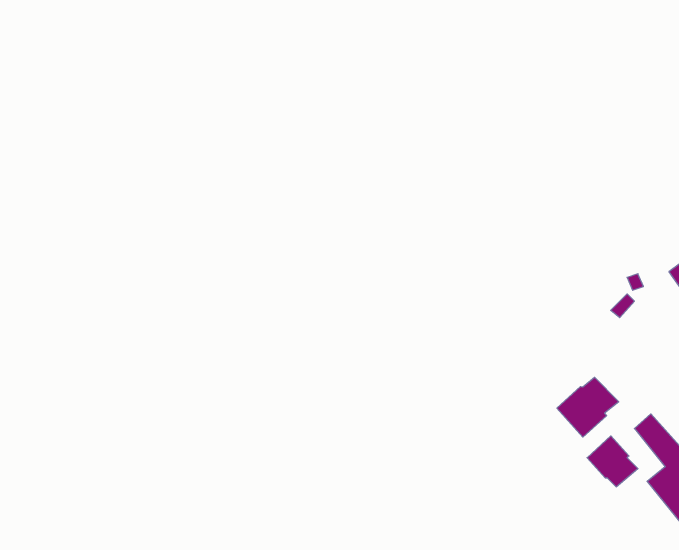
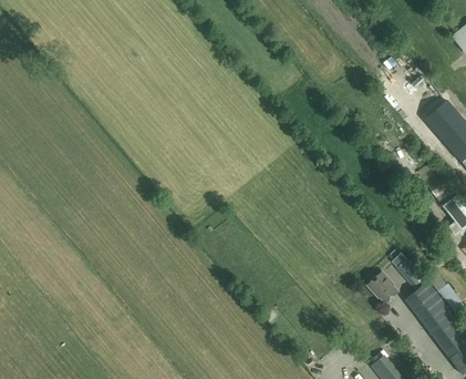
building: [557,377,619,437] -> none

